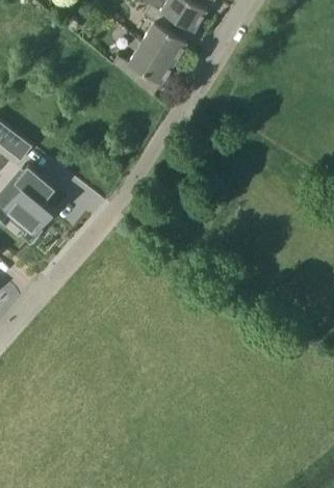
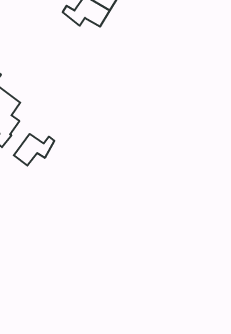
building: none -> [14,134,54,166]

